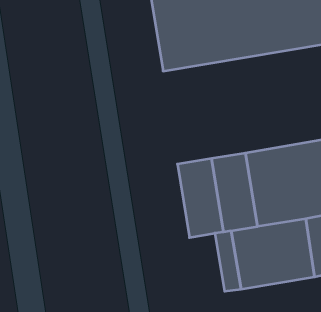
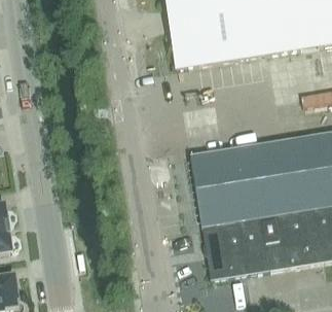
building: none -> [201,219,234,278]

